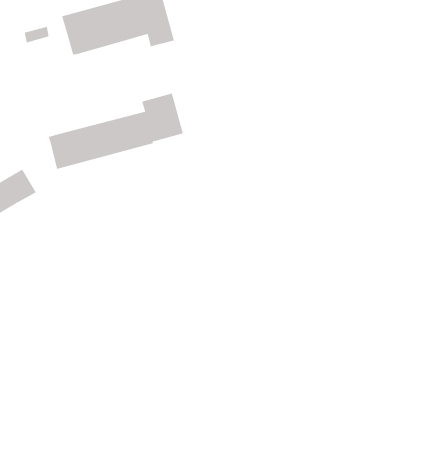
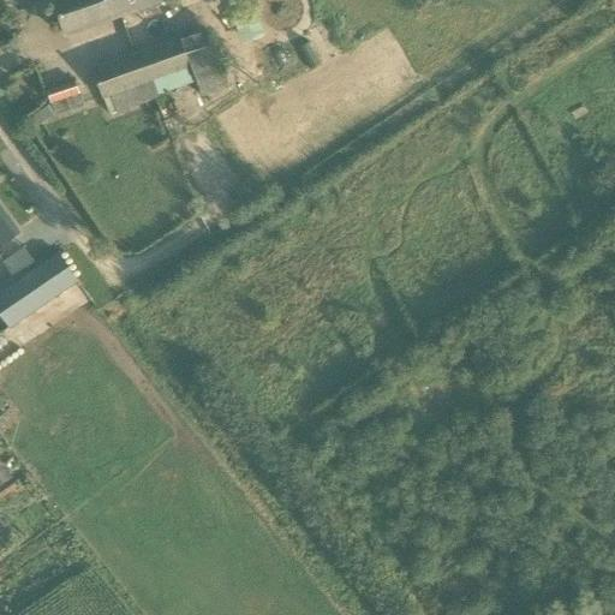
building: [48,92,184,170] -> none

